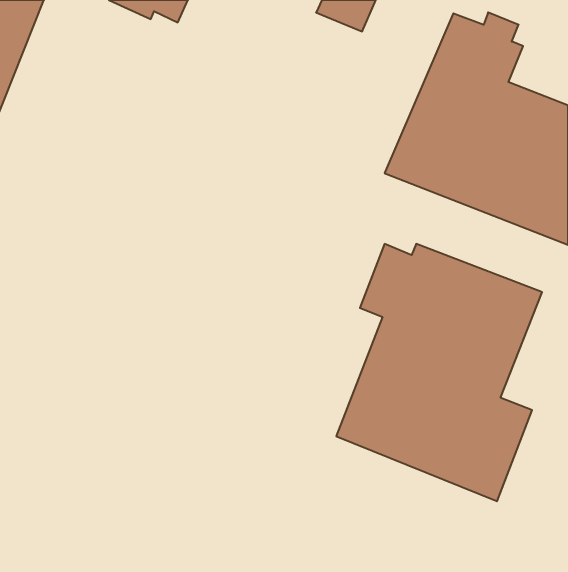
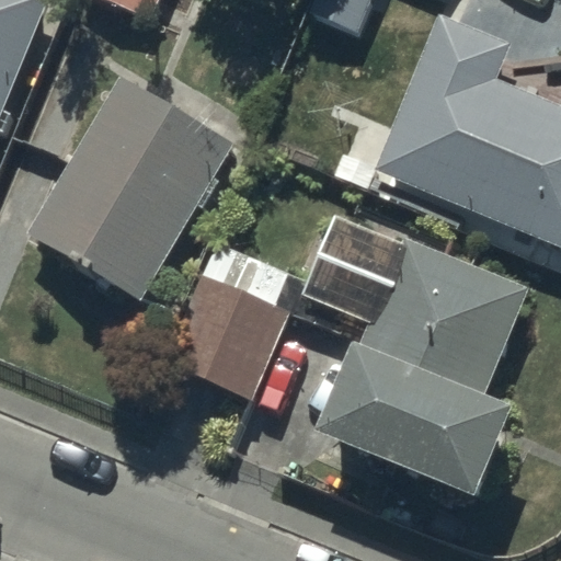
building: none -> [24,77,234,298]
building: none -> [162,245,298,401]

